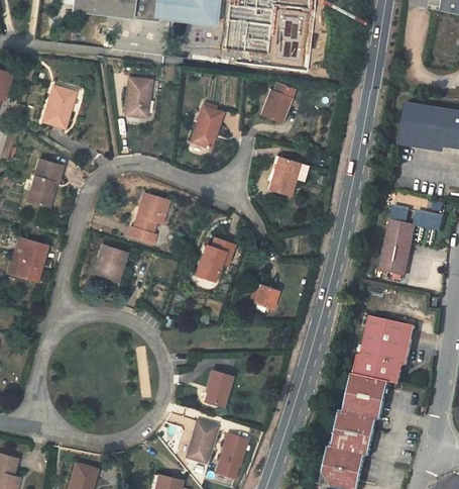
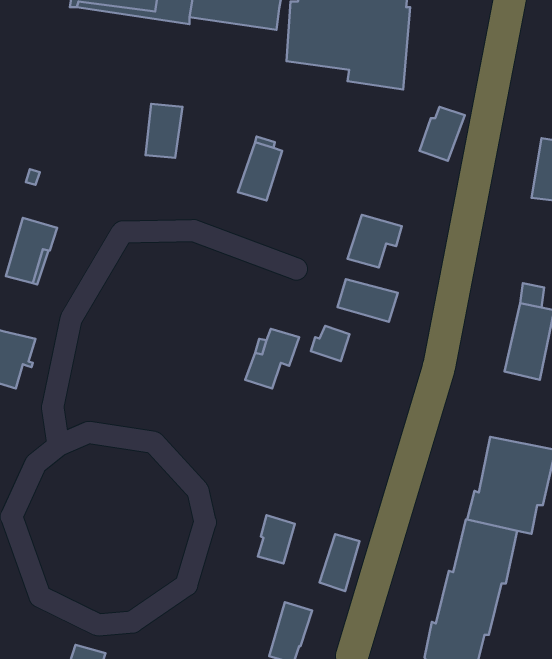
building: [261,83,294,121] -> [419,107,465,161]
building: [42,85,76,128] -> none
building: [128,193,168,242] -> none
building: none -> [337,279,398,322]
building: [94,246,126,281] -> none
building: [250,284,277,309] -> [311,326,349,361]
building: [187,421,215,462] -> [319,534,359,591]

